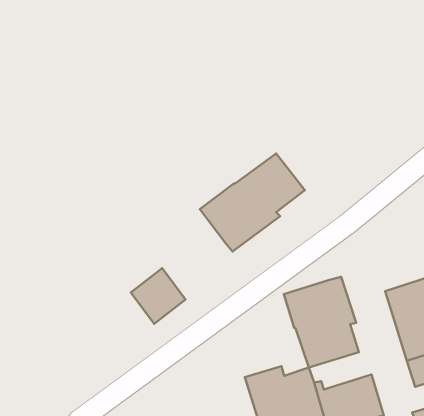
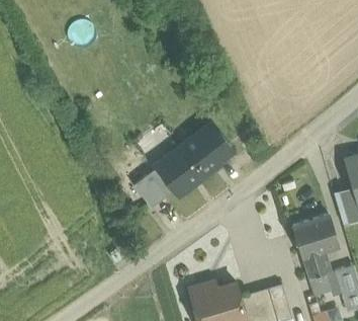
building: [131,268,185,324] -> [135,167,175,209]
building: [284,277,359,368] -> none

